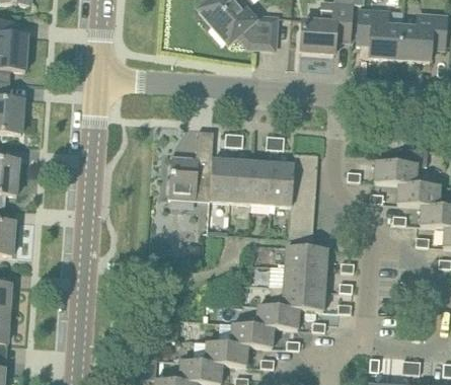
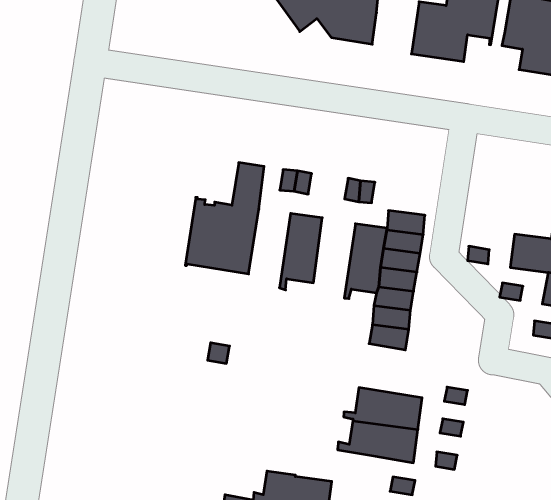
building: [209,159,232,208] -> none
building: [250,161,274,211] -> none
building: [278,246,327,270] -> none
building: [249,305,299,329] -> none

